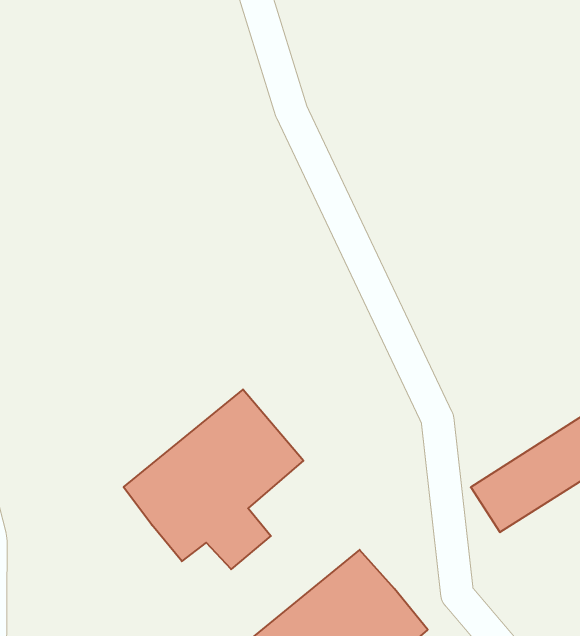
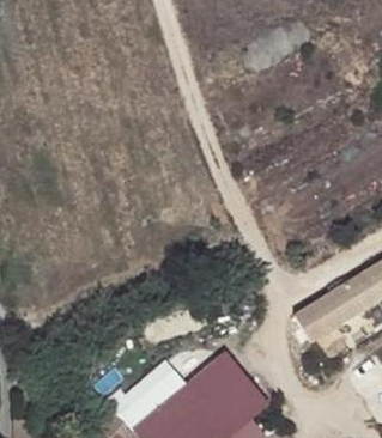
building: [124,389,303,569] -> none

